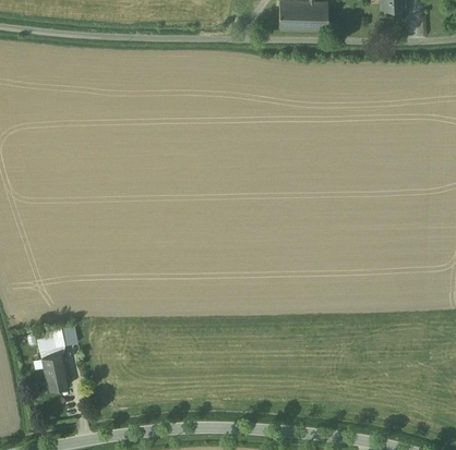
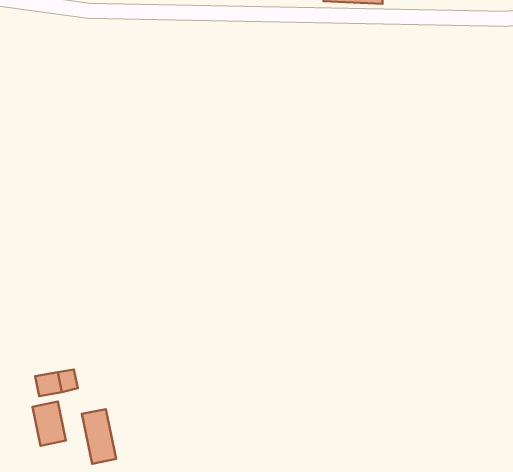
building: none -> [82,409,116,464]

